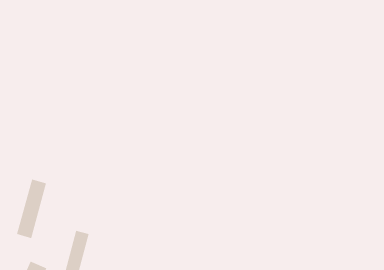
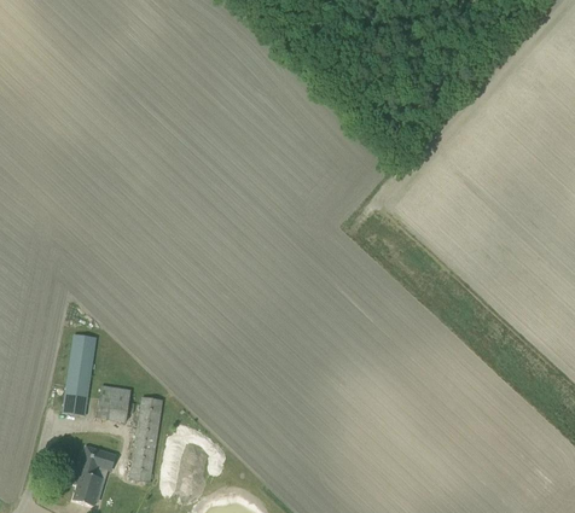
building: none -> [95,385,134,422]

